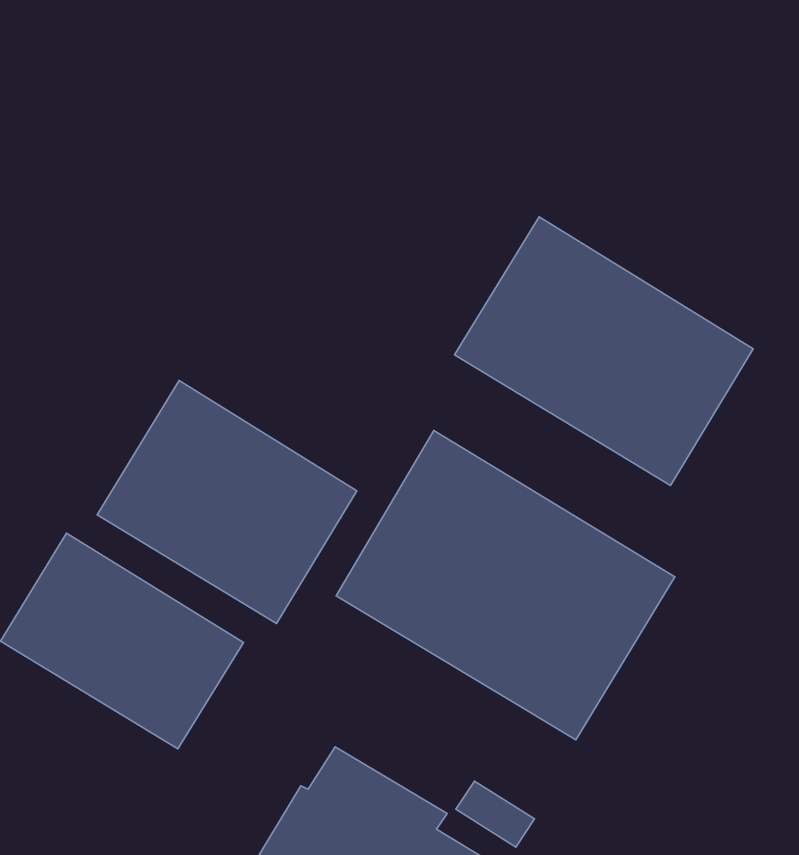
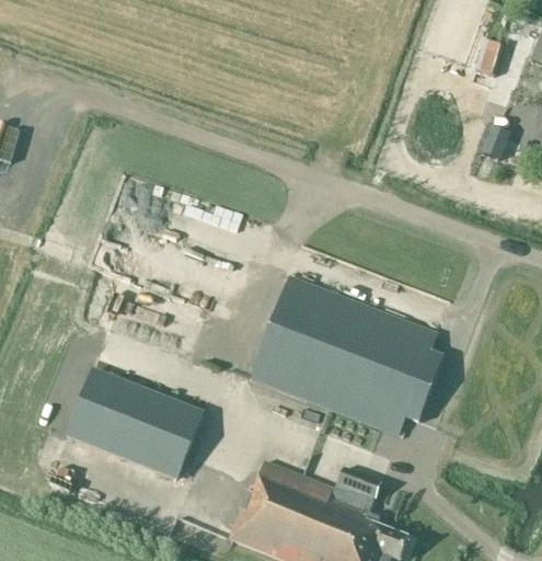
building: [455,217,753,485] -> none
building: [97,381,357,623] -> none

